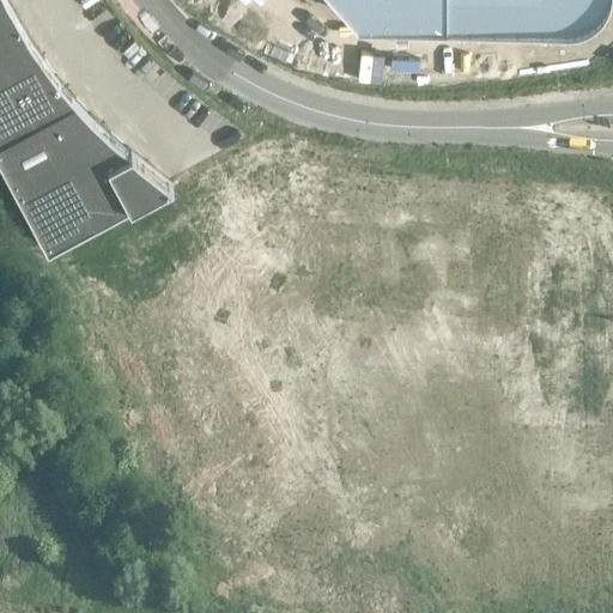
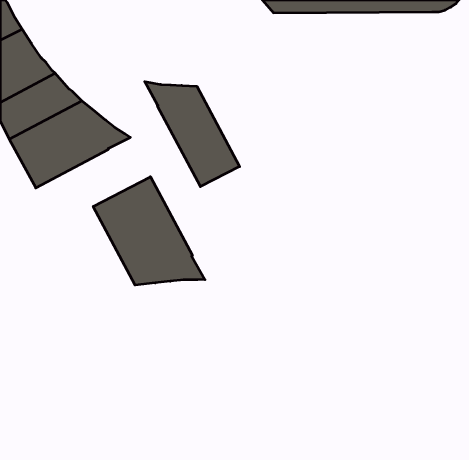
building: none -> [145,82,240,187]
building: none -> [93,177,205,285]

